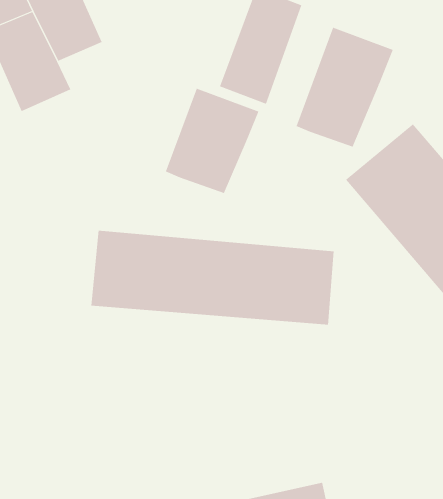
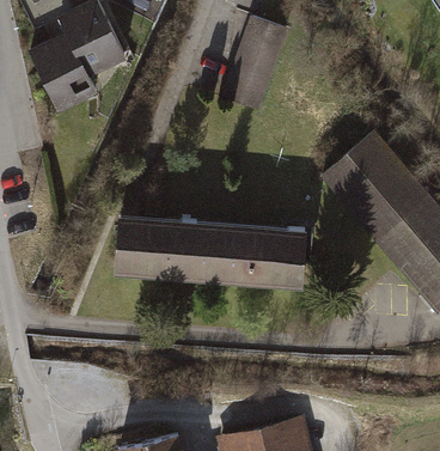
building: [296,27,393,147] -> none
building: [165,88,259,194] -> none

